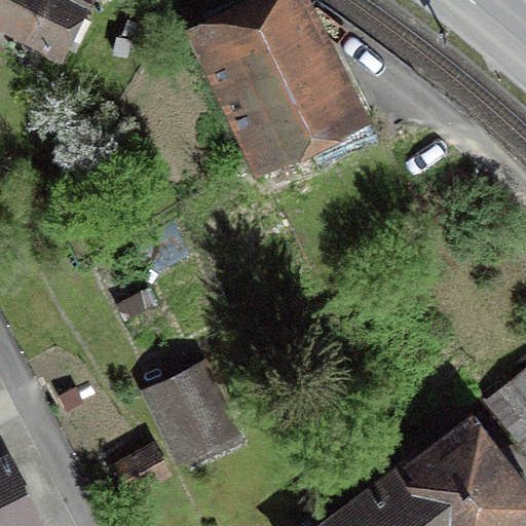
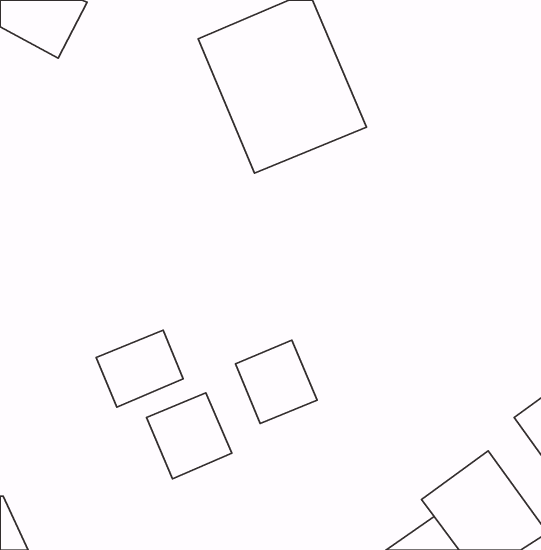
building: none -> [96,330,183,407]
building: none -> [236,340,317,423]

